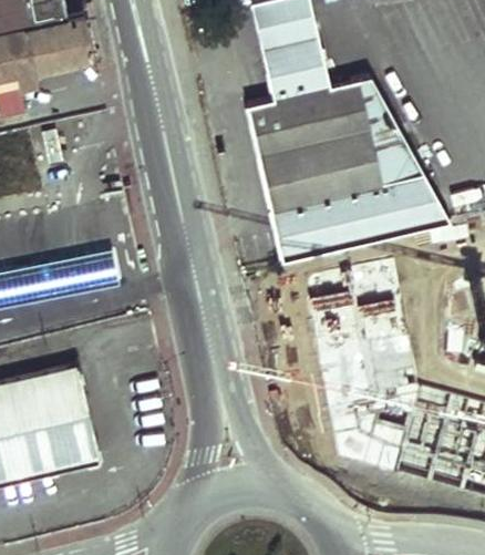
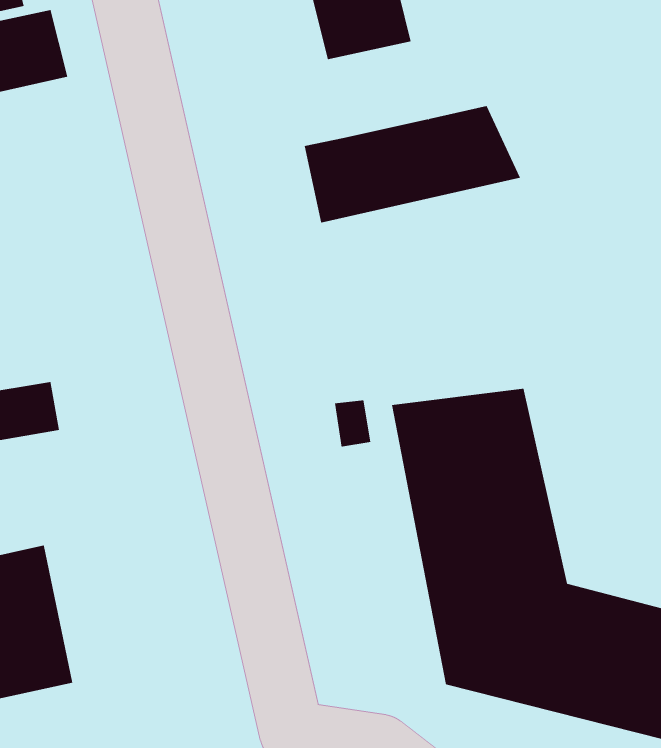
building: [264,37,330,100] -> none
building: [259,126,450,259] -> none

